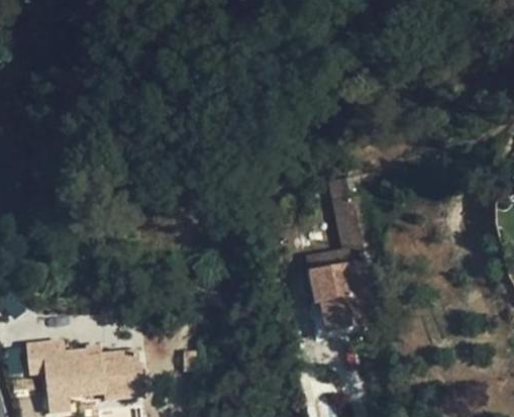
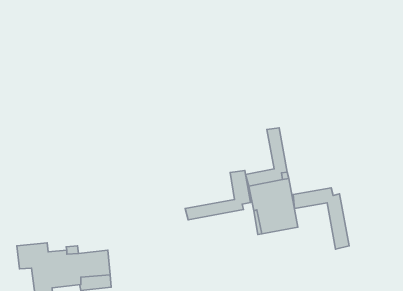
building: none -> [185,171,250,220]
building: none -> [293,188,349,249]

